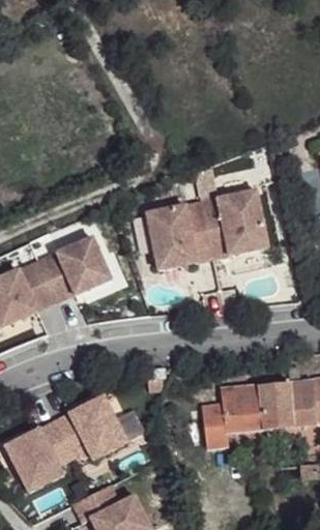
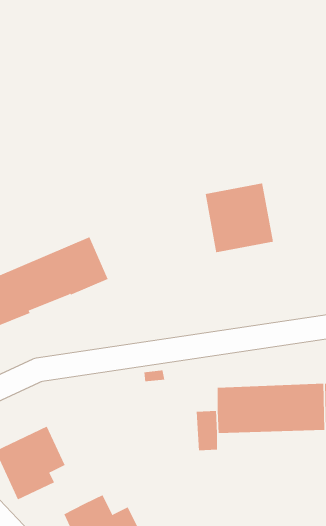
building: [148,201,213,266] -> none
building: [54,396,125,460] -> none

